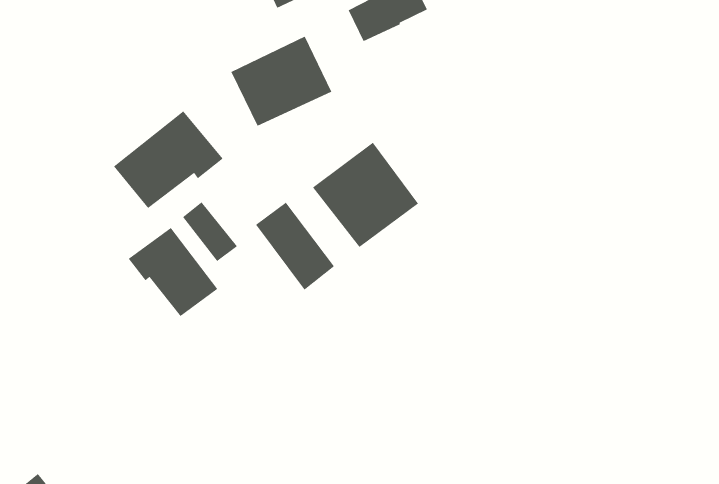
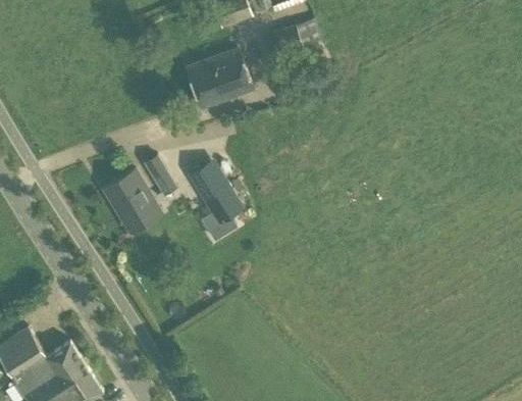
building: [113,110,224,209] -> none
building: [312,142,419,248] -> none

